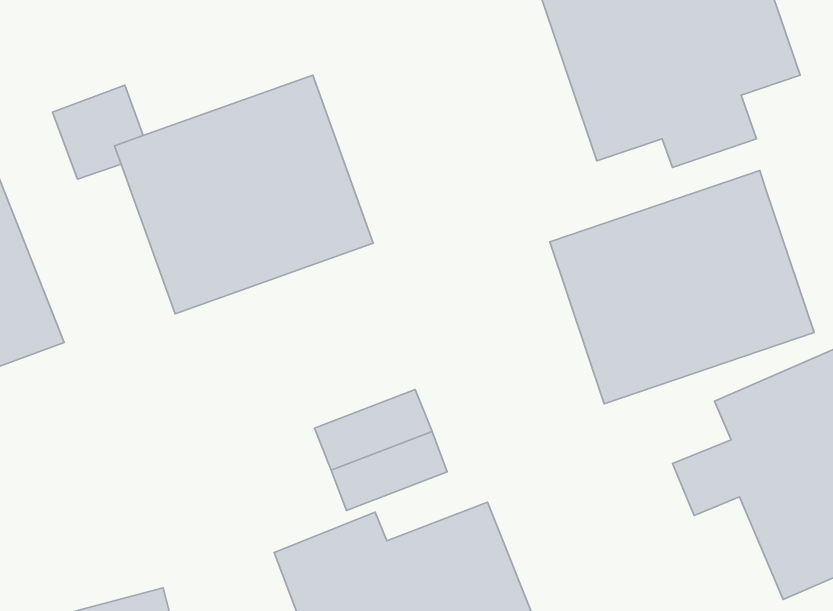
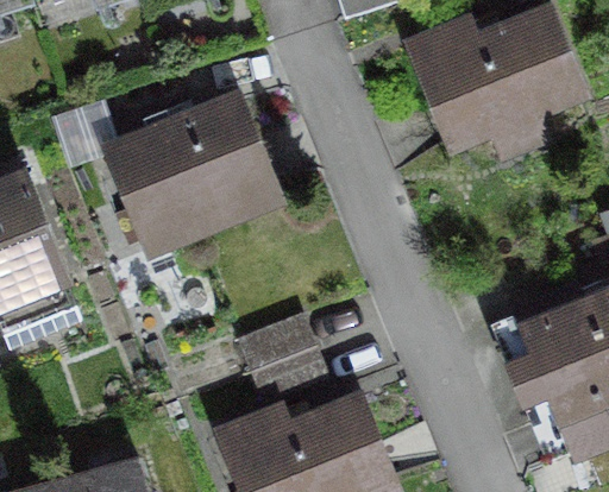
building: [550,171,814,404] -> none

